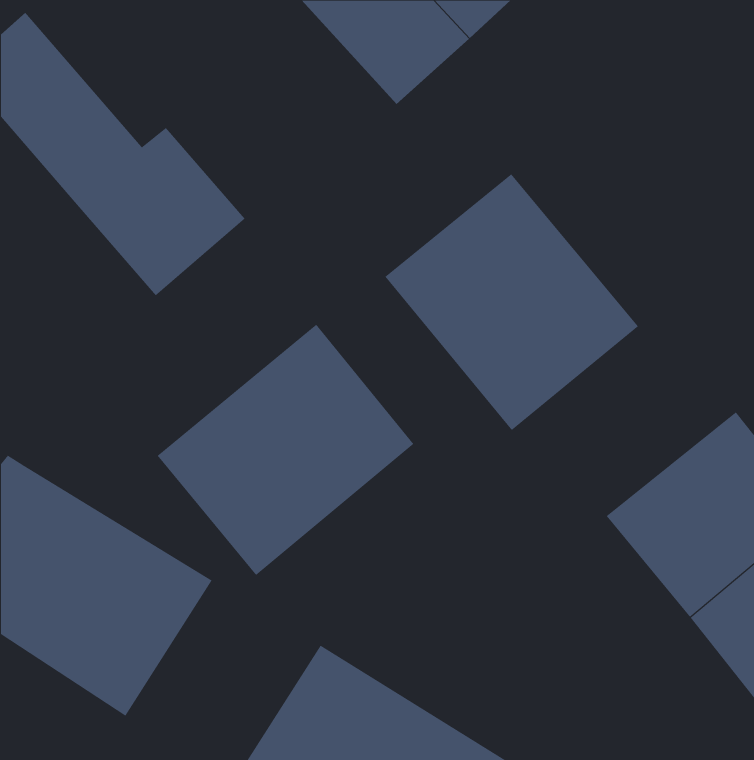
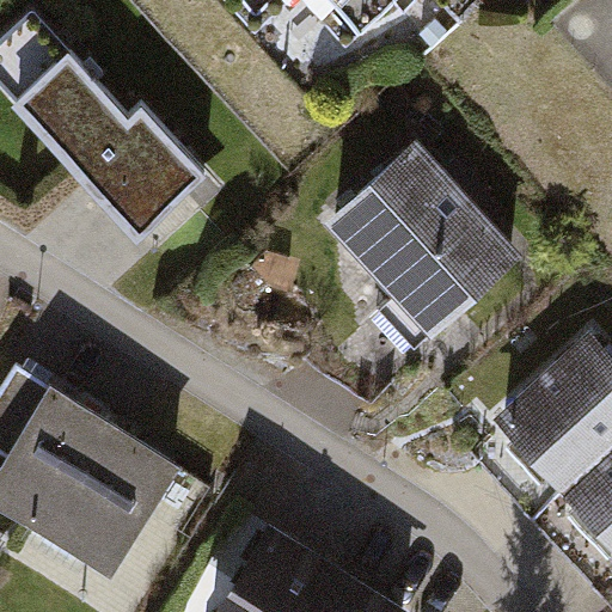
building: [157,324,414,576] -> none

